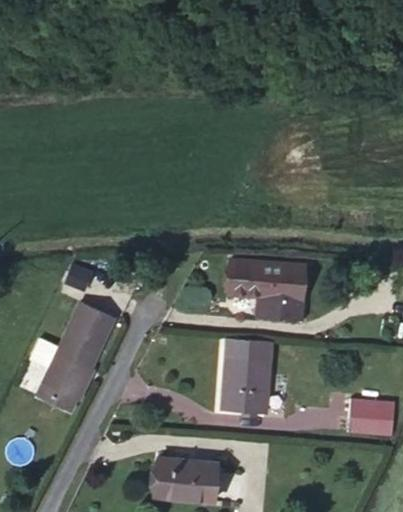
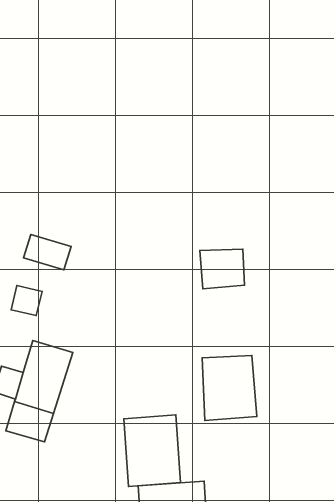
building: [264,265,309,321] -> none
building: [78,299,120,333] -> [24,235,71,270]
building: none -> [124,415,181,487]

